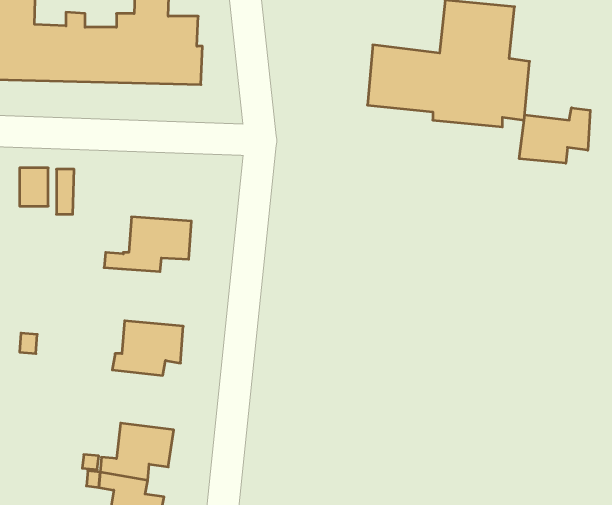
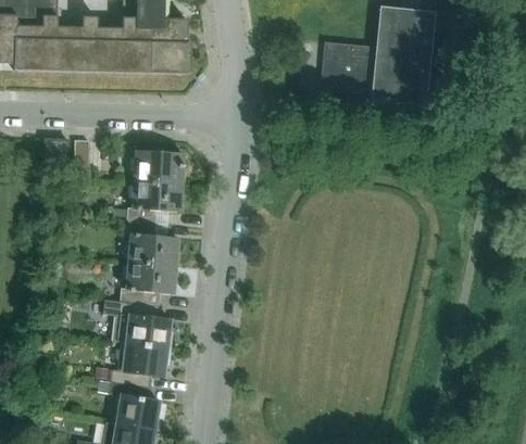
building: [519,108,590,163] -> none
building: none -> [133,150,181,181]
building: none -> [124,219,176,265]
building: none -> [101,300,170,347]

